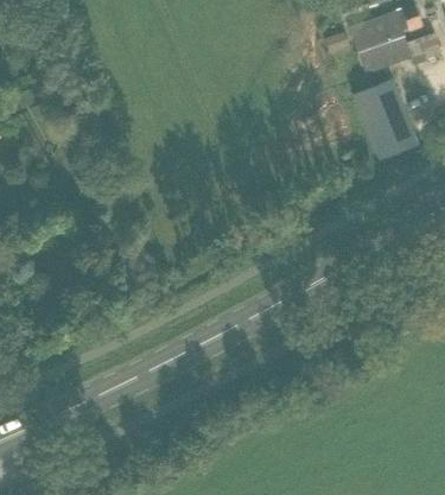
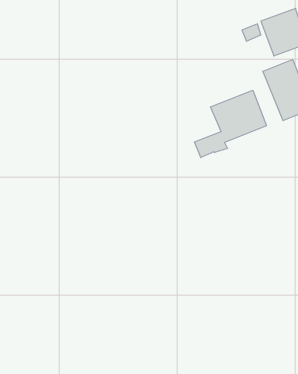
building: none -> [194,90,267,158]

